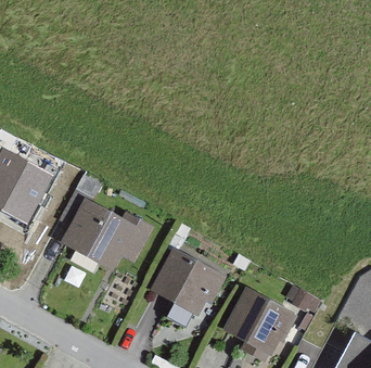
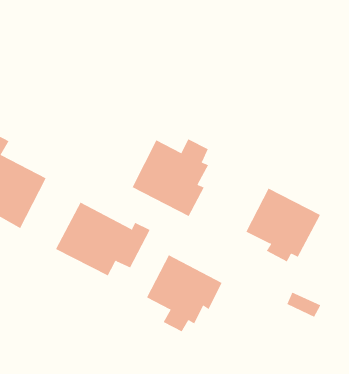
building: none -> [132,138,209,217]
building: [221,288,294,359] -> [246,188,321,262]

